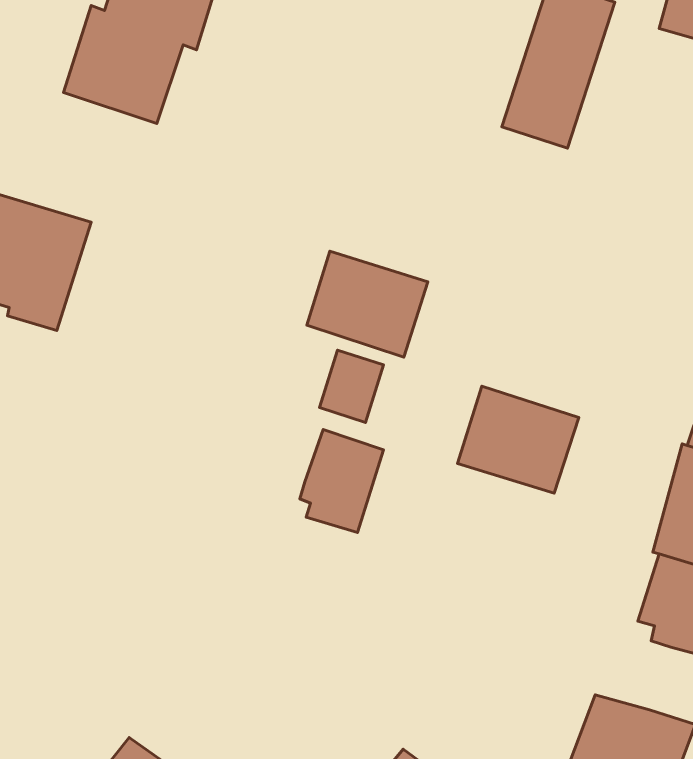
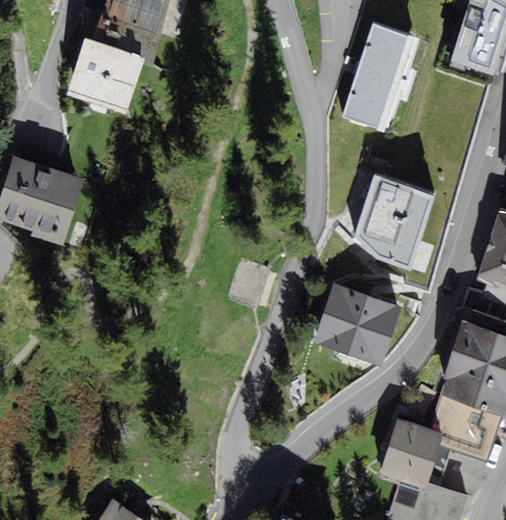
building: none -> [346,176,440,263]
building: [307,251,428,357] -> none
building: [300,430,384,533] -> none
building: none -> [384,420,452,485]

